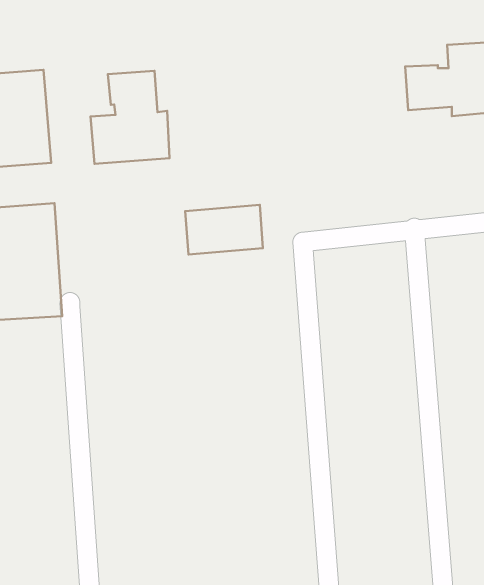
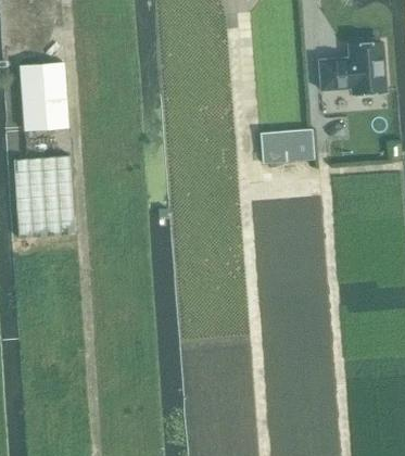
building: [91,71,169,164] -> none
building: [185,205,263,254] -> [261,128,315,163]

